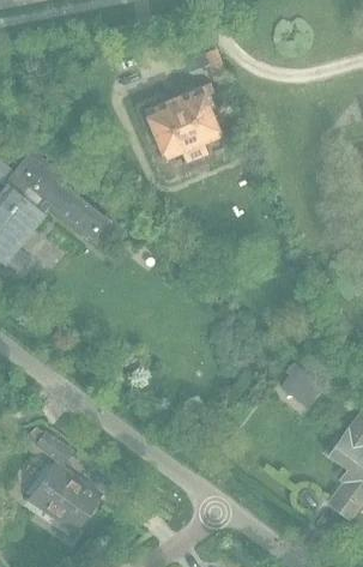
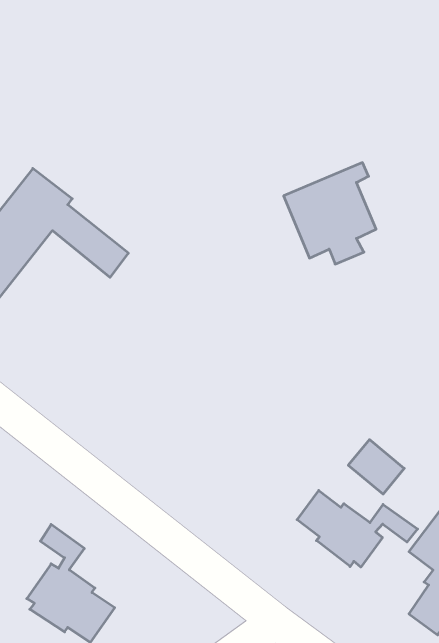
building: [146,82,219,162] -> [284,163,376,264]
building: none -> [297,490,418,567]

